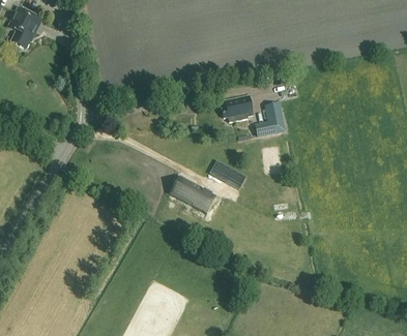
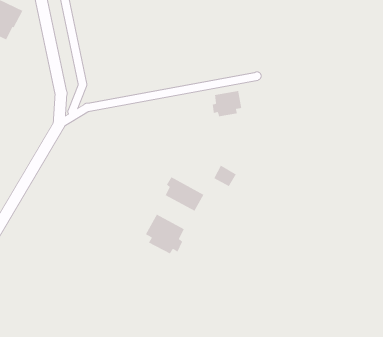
building: [254,103,283,136] -> none
building: none -> [145,213,185,255]

